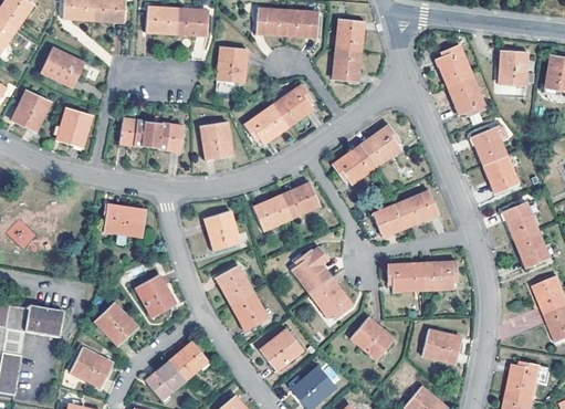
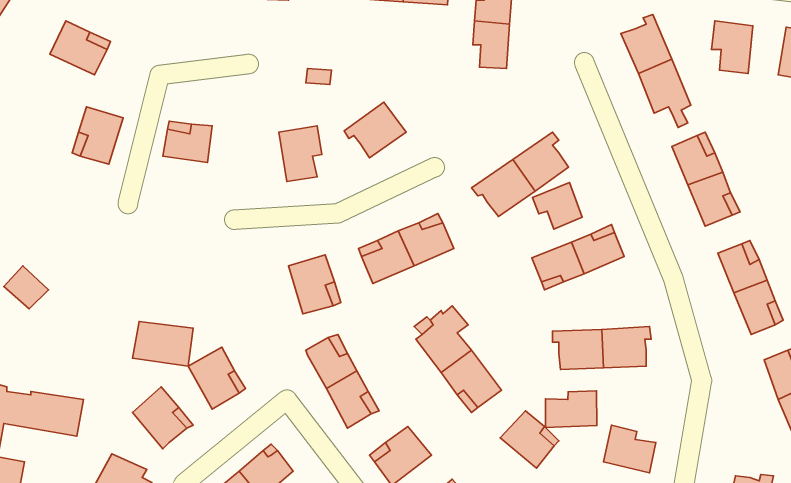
building: [215,45,244,81] -> none
building: [271,84,311,126] -> none
building: [13,91,48,133] -> none
building: [148,122,181,151] -> none
building: none -> [532,183,582,229]
building: [103,206,145,237] -> [133,322,193,366]
building: none -> [545,391,597,428]

